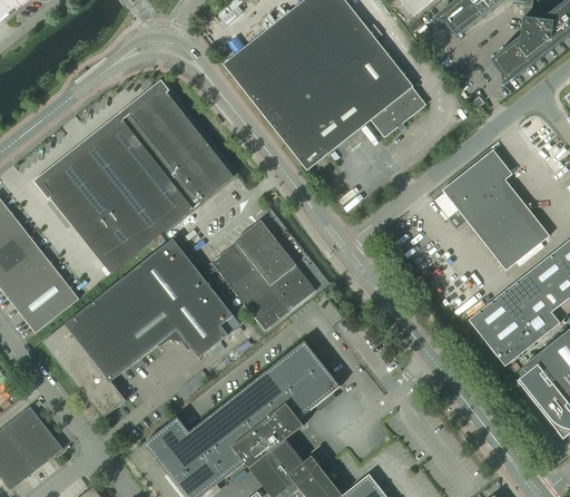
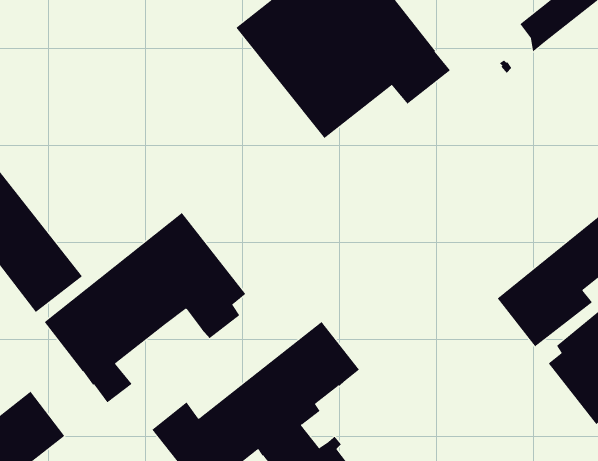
building: [38,84,233,272] -> none
building: [433,149,549,270] -> none
building: [212,220,315,329] -> none

